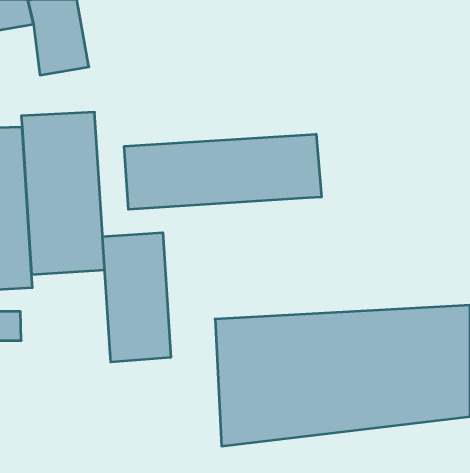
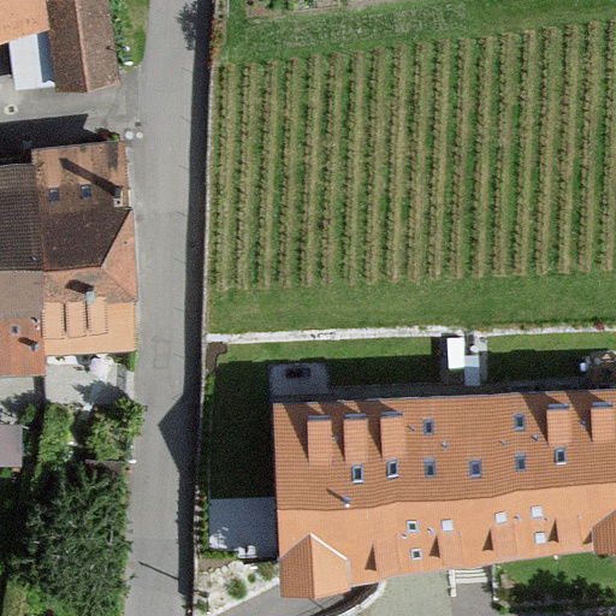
building: [124,134,321,209] -> none
building: [103,233,171,362] -> none

